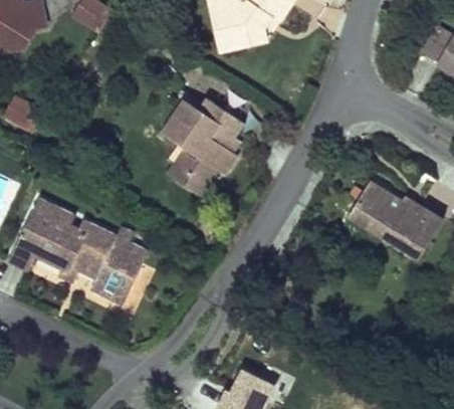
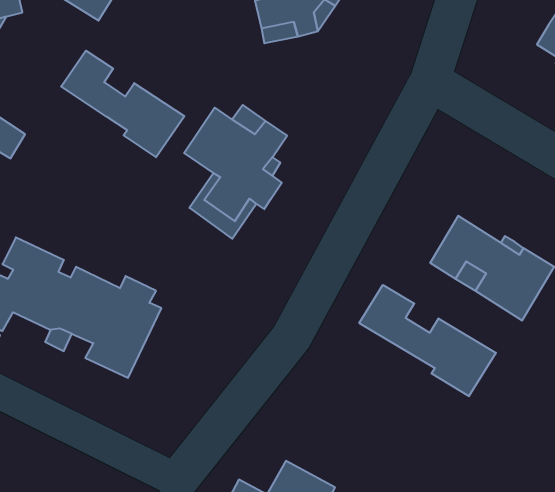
building: none -> [61,51,184,157]
building: none -> [359,285,496,396]

